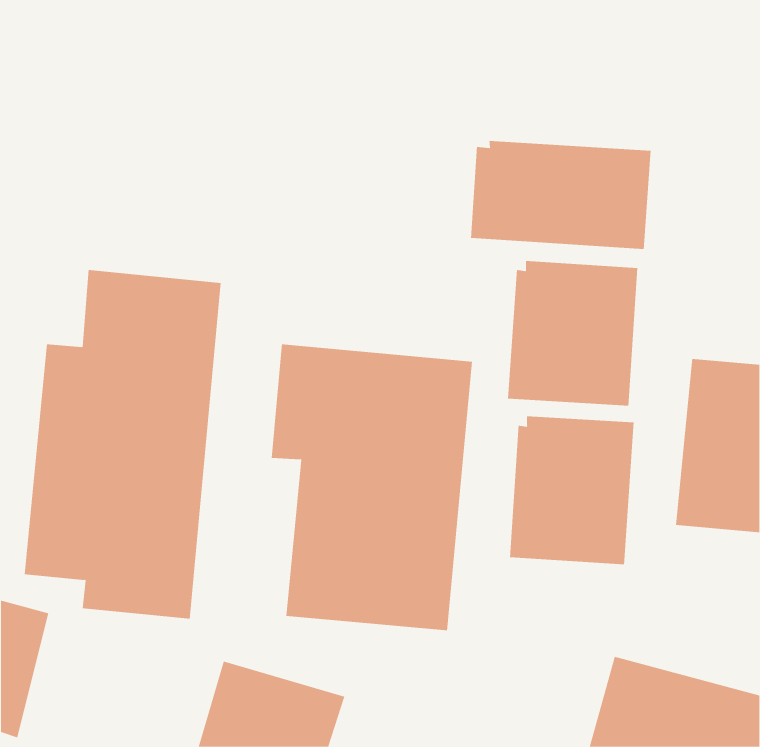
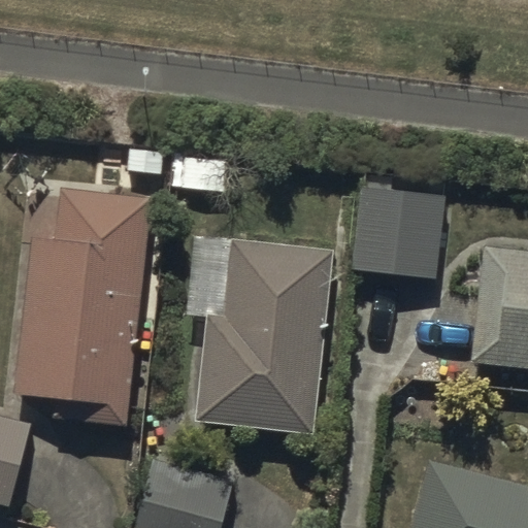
building: [471,140,651,250] -> none
building: [510,415,634,565] -> none

